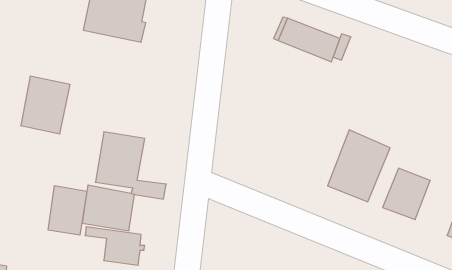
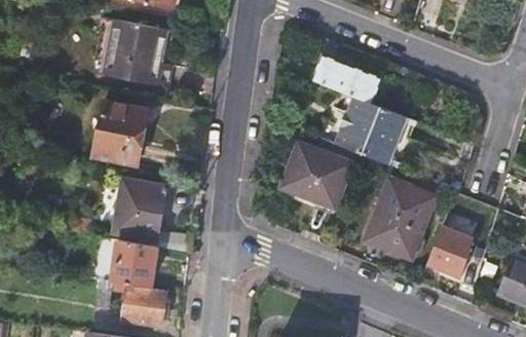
building: none -> [336,97,417,170]
building: [21,76,70,134] -> [99,98,153,161]
building: none -> [283,144,351,209]
building: [48,186,87,235] -> none

